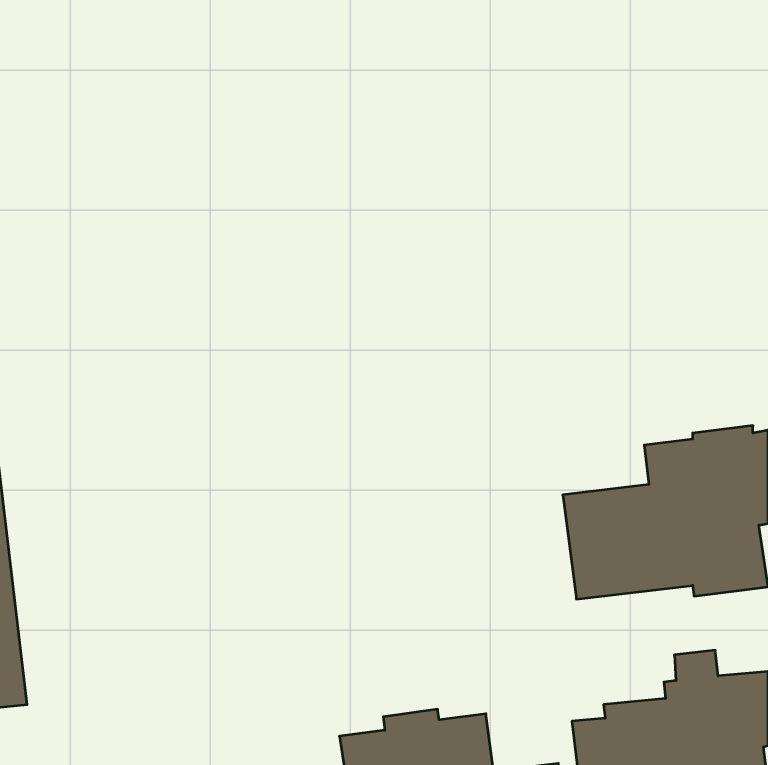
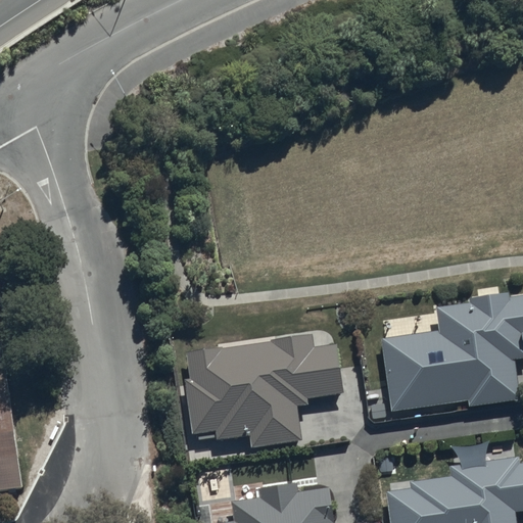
building: none -> [185,335,343,446]

